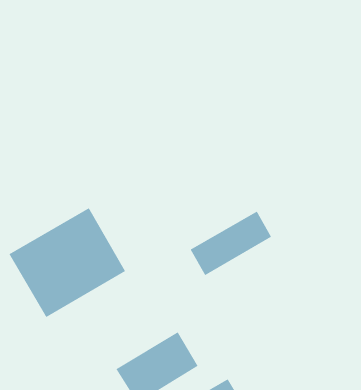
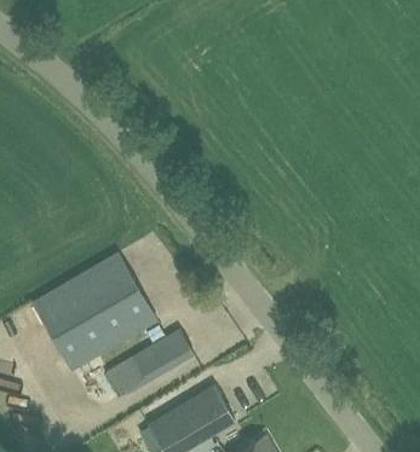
building: [190,211,272,276] -> [107,329,194,398]

